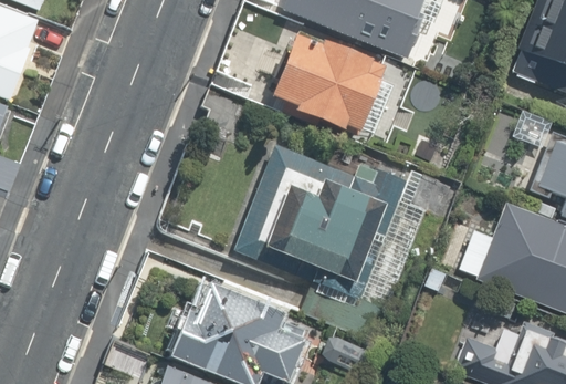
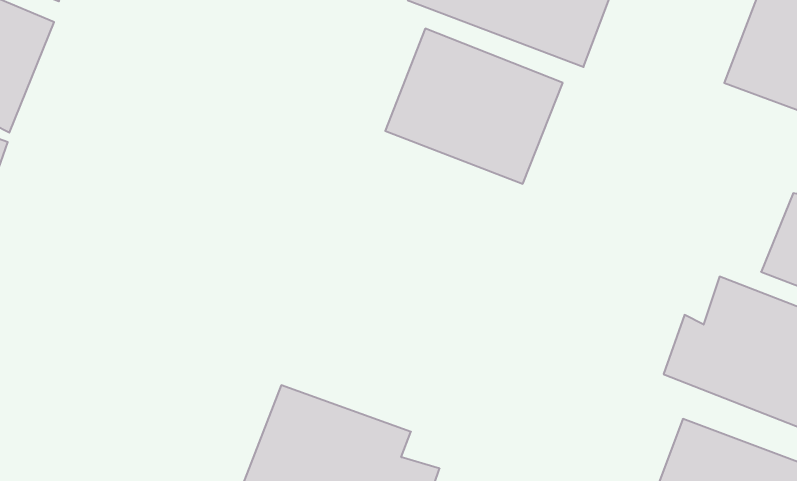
building: [239,144,396,293] -> none

